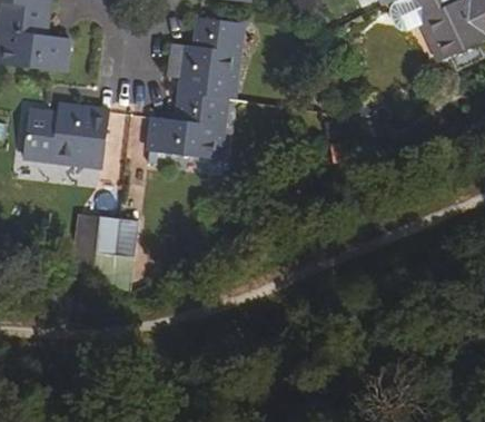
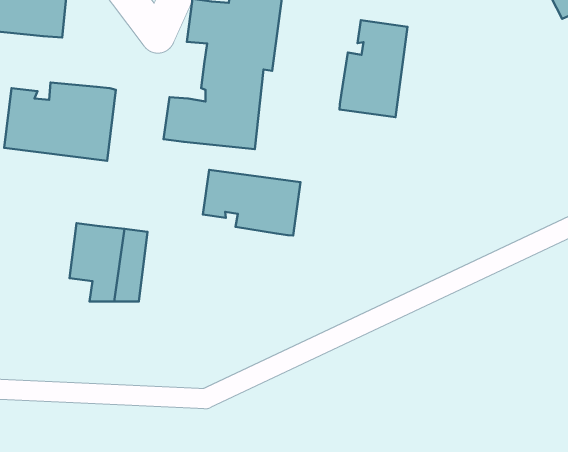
building: none -> [340,20,408,117]
building: none -> [203,170,301,235]

